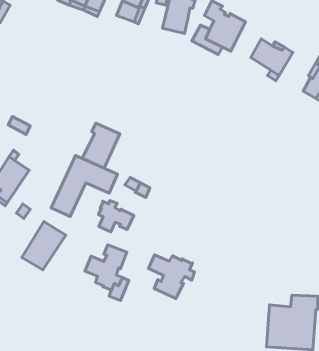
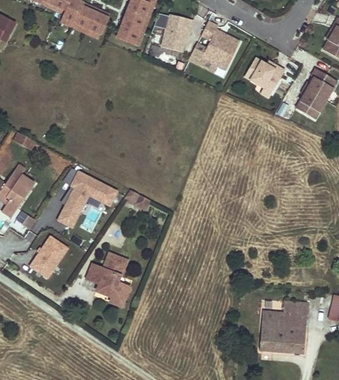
building: [82,123,120,168] -> none
building: [98,200,134,232] -> none
building: [149,255,195,299] -> none

